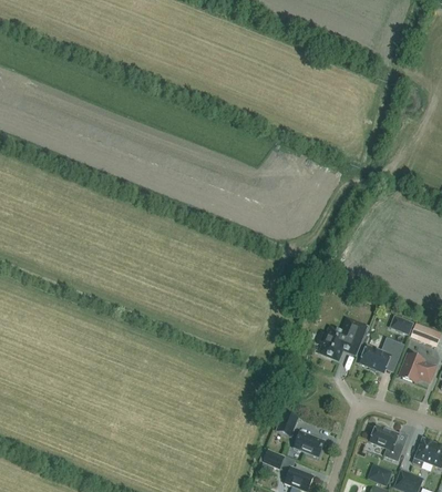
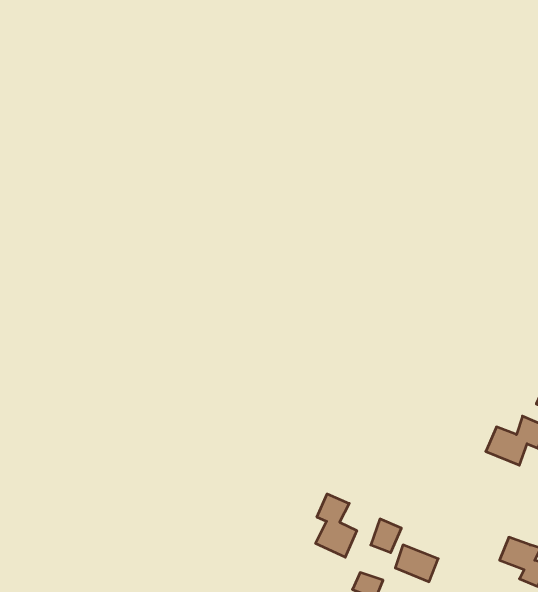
building: [321,318,367,358] -> none
building: none -> [316,494,357,557]

